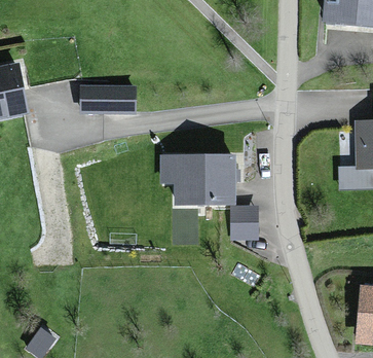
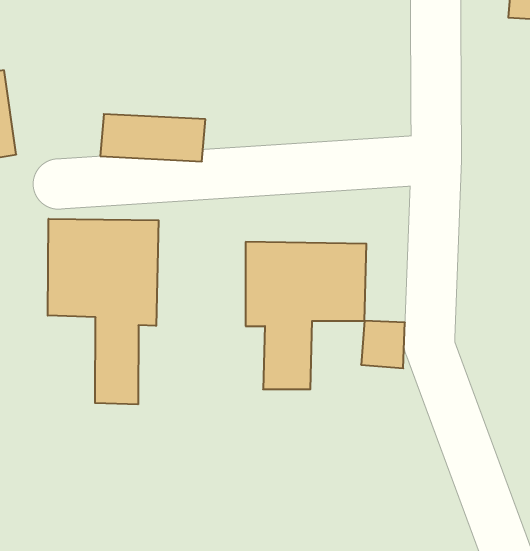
building: none -> [48,219,159,404]

